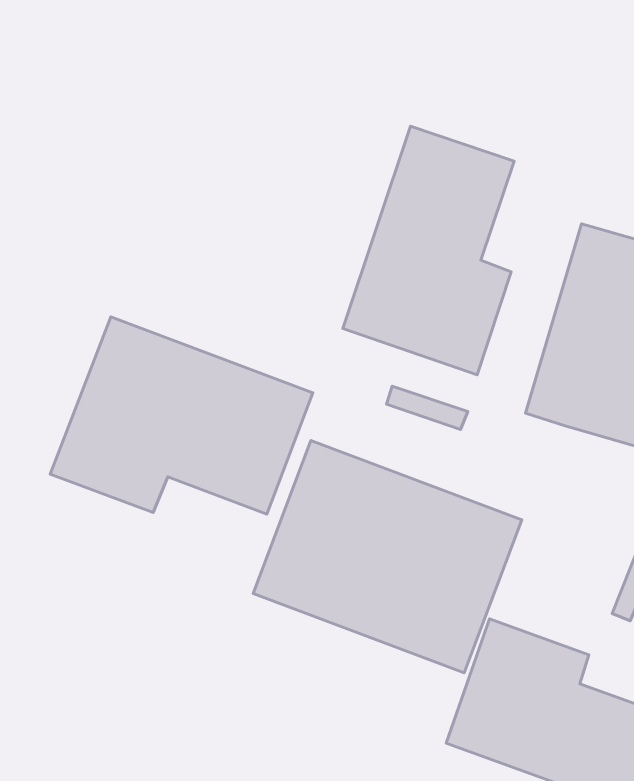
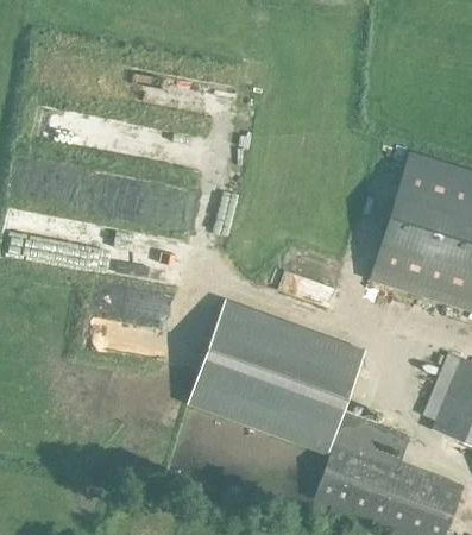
building: [343,126,514,375] -> none
building: [50,317,313,514] -> none

